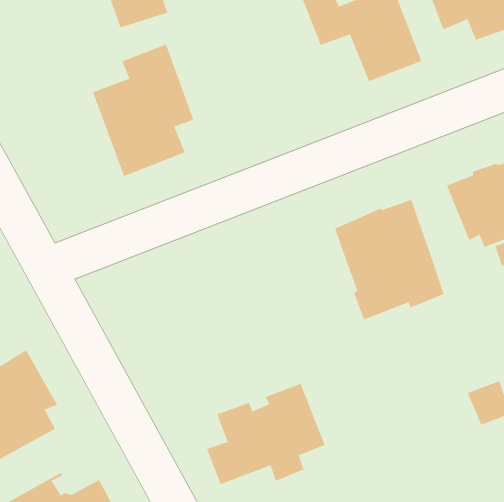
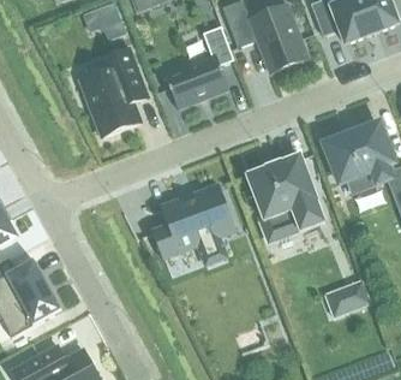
building: none -> [164,25,229,107]
building: [206,383,325,485] -> [152,184,235,255]

